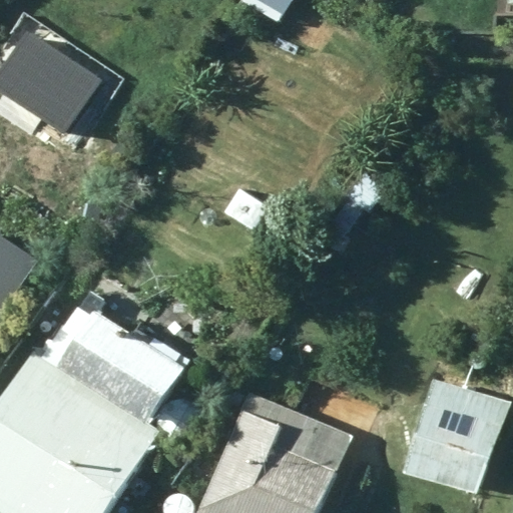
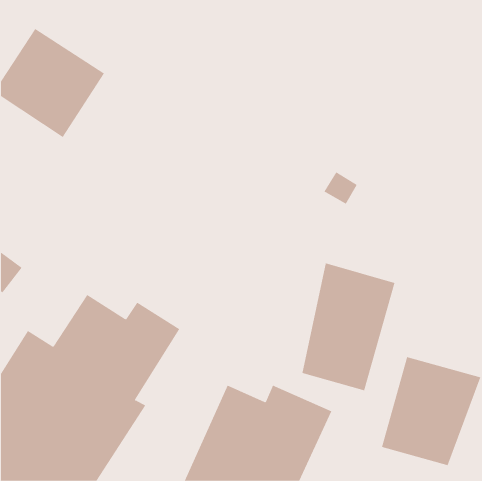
building: none -> [302,263,395,391]

